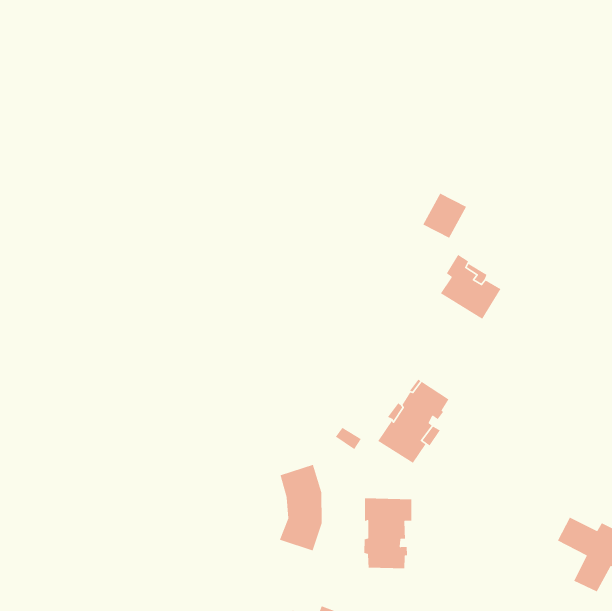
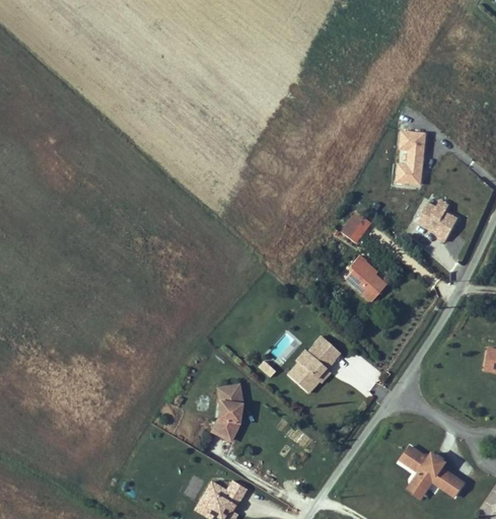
building: none -> [395,131,427,186]
building: none -> [415,201,458,242]
building: [364,497,412,569] -> none

